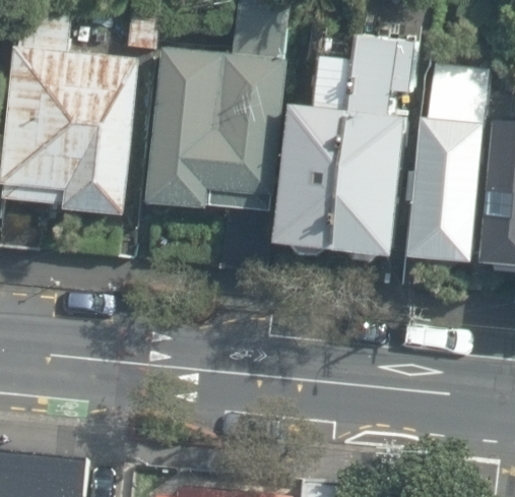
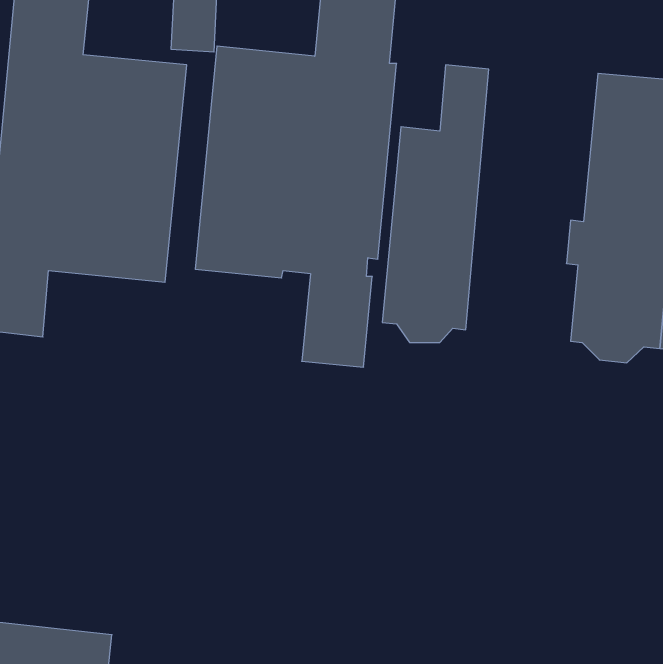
building: [335,35,414,261] -> none

